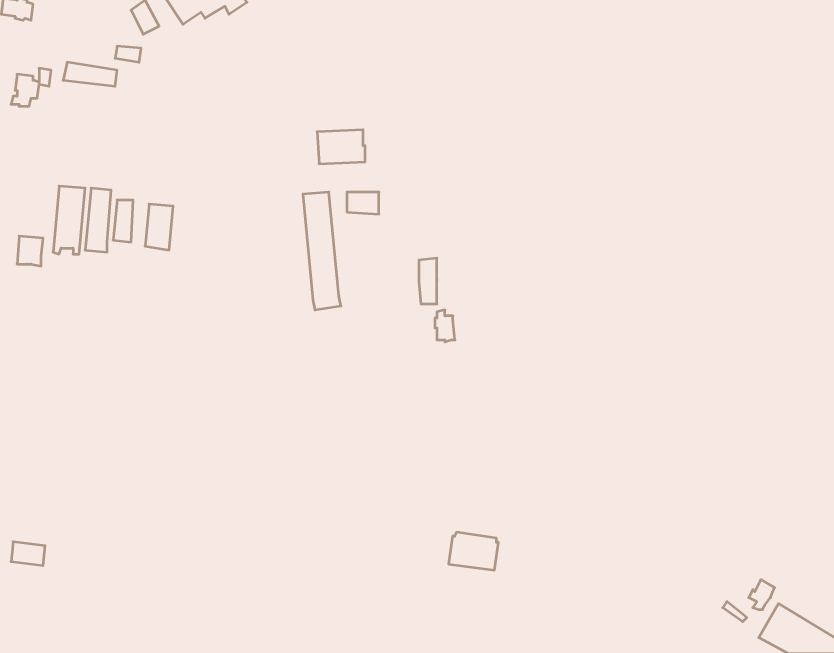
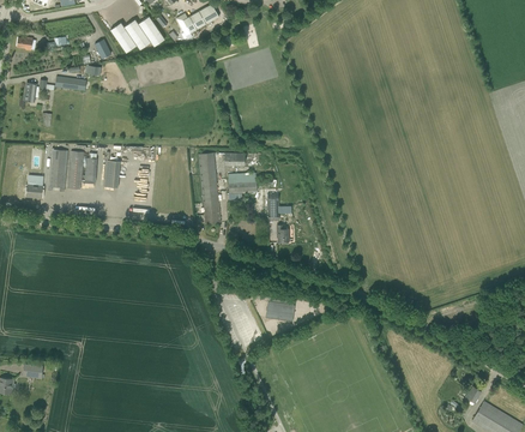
building: [317,130,365,164] -> [228,173,257,193]
building: [449,532,498,570] -> [265,299,295,322]

